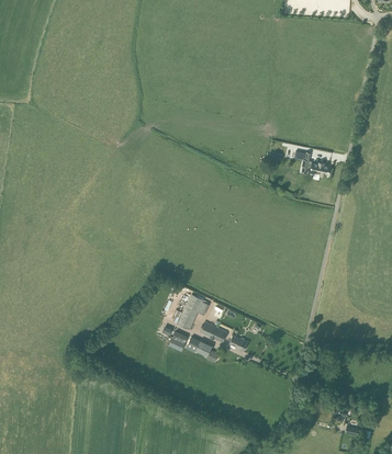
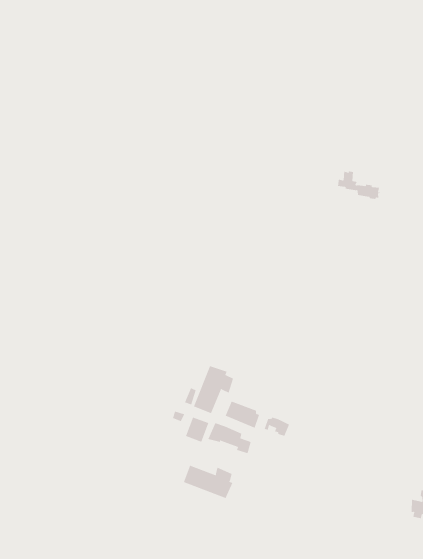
building: none -> [183,465,233,499]

